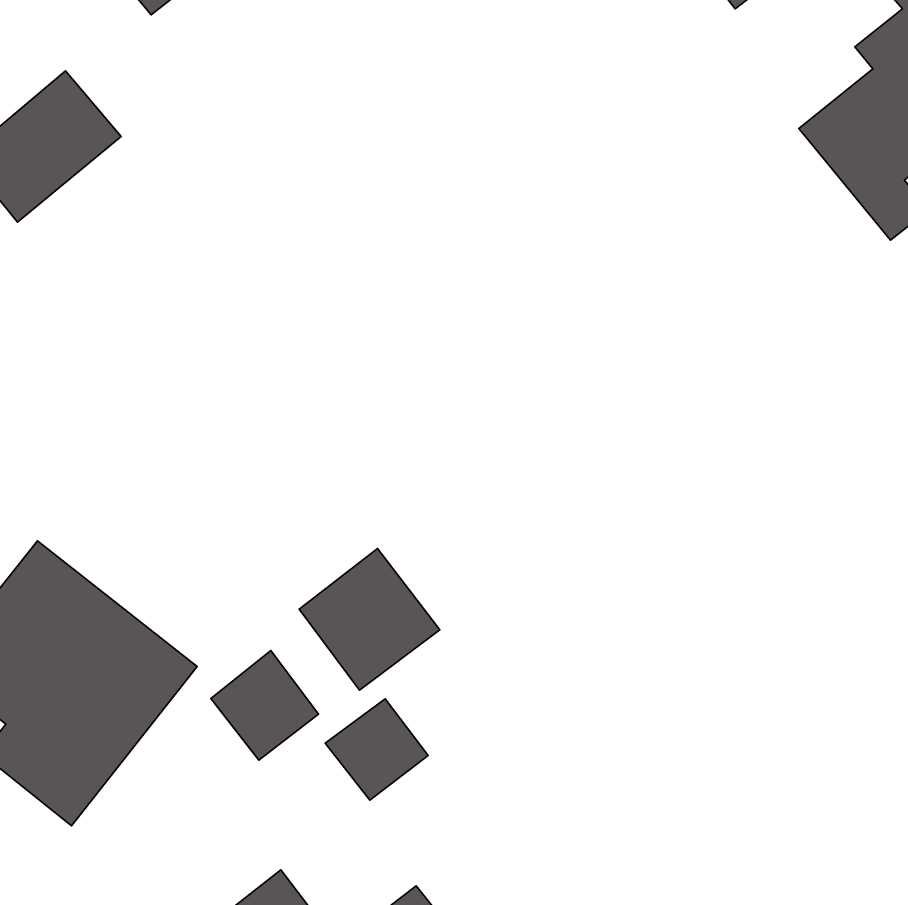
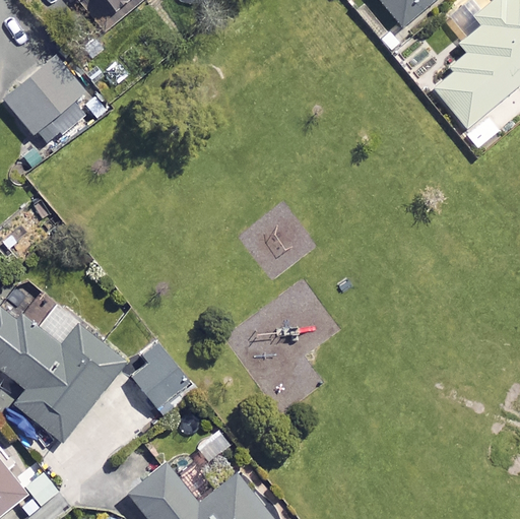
building: [299,549,440,690] -> none
building: [325,699,428,800] -> none

